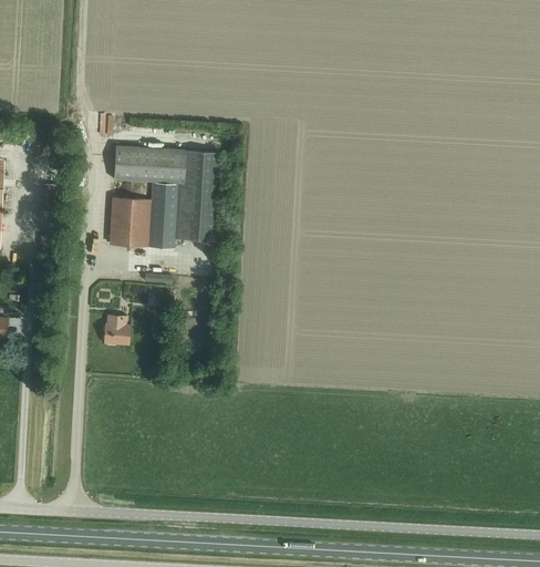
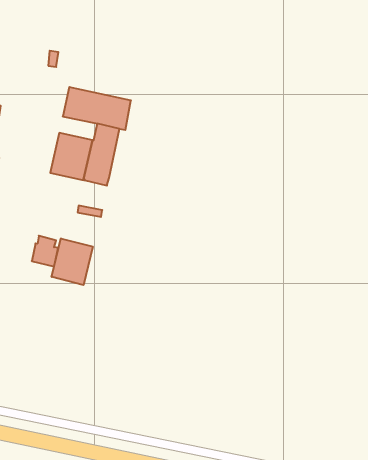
building: [174,150,219,240] -> none
building: none -> [52,238,93,285]

